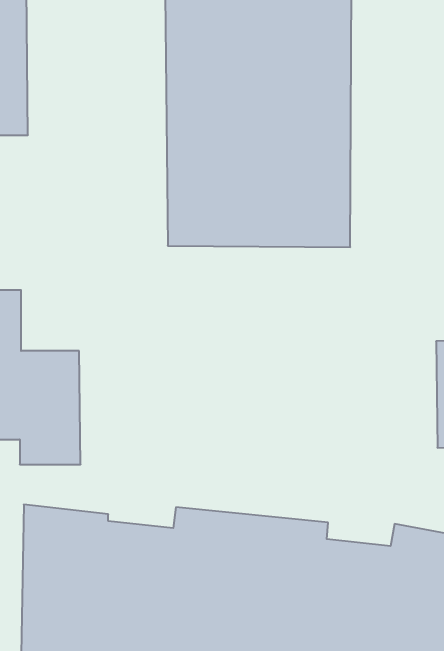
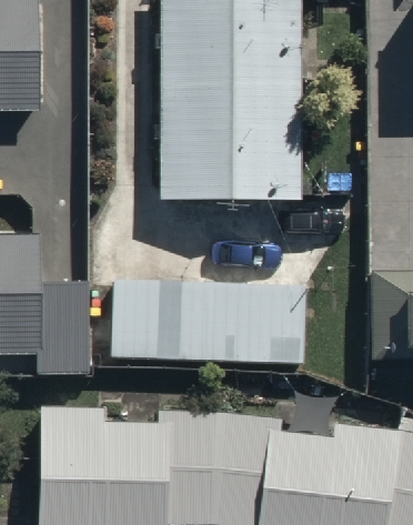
building: none -> [109,281,303,364]

